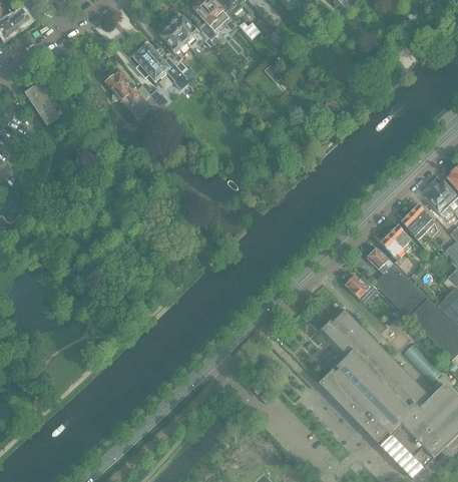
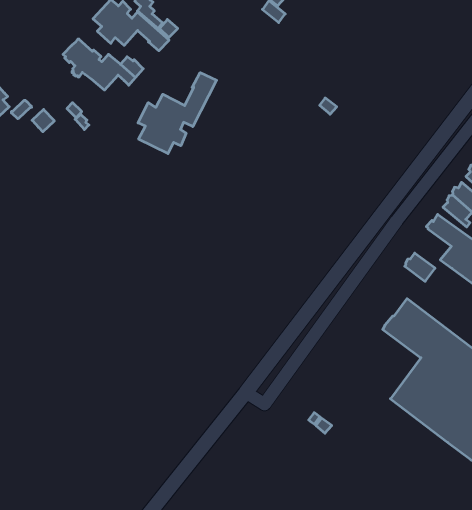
building: none -> [138,73,217,154]

